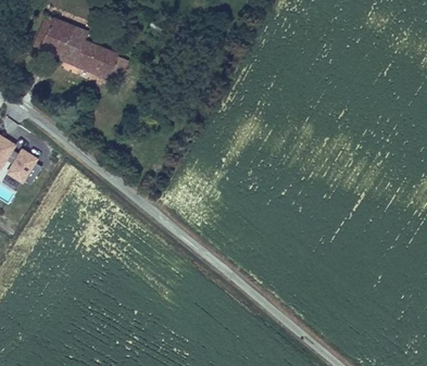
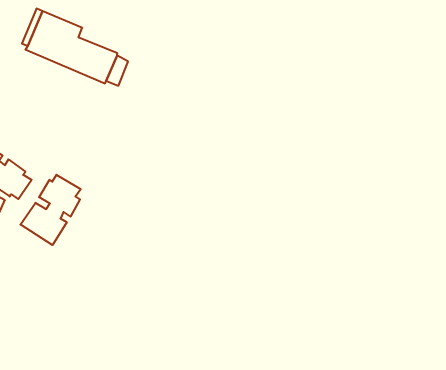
building: none -> [20,175,81,245]

